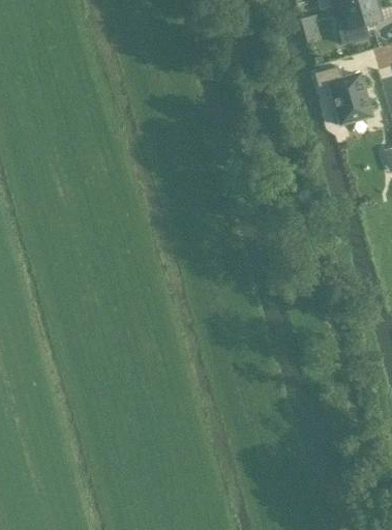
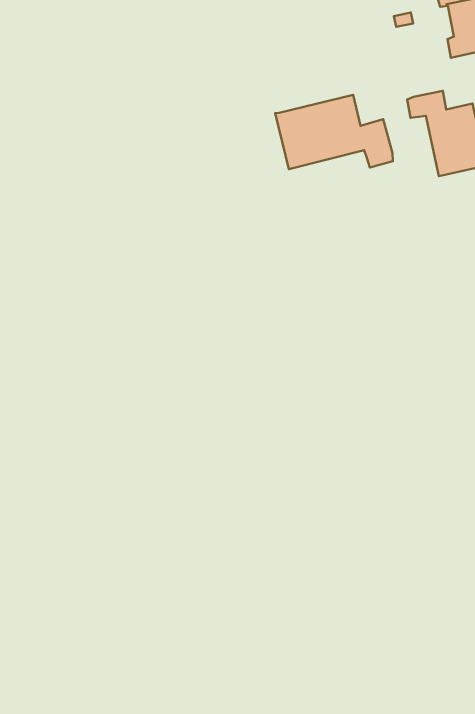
building: none -> [275,95,393,169]

